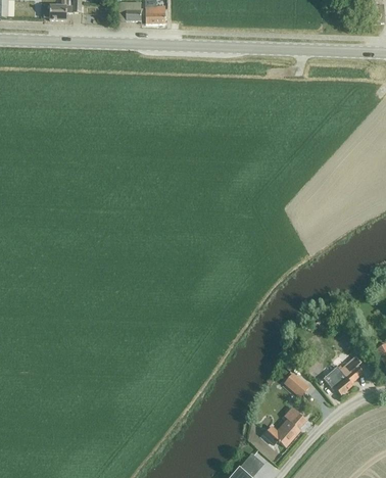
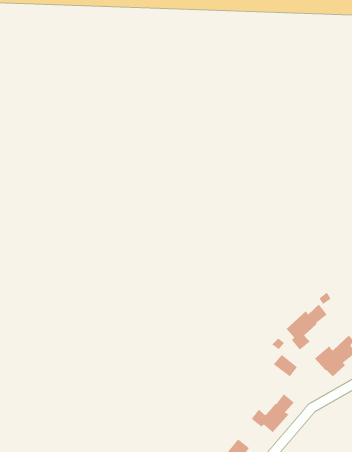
building: none -> [286,304,327,350]

